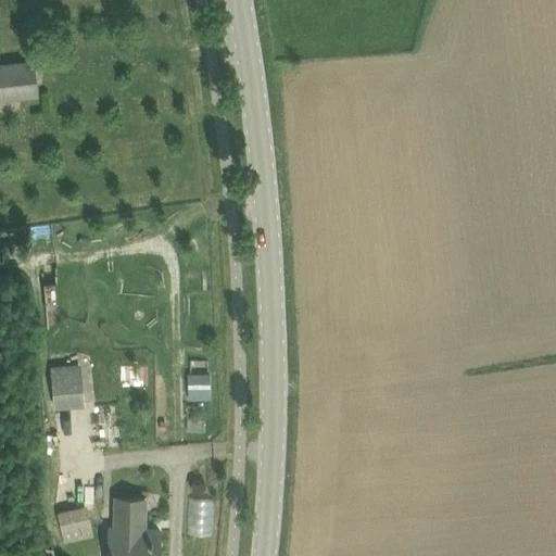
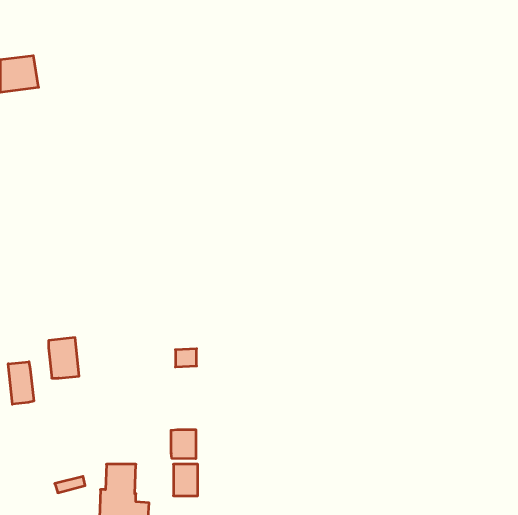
building: none -> [8,362,34,404]
building: none -> [171,430,196,459]

